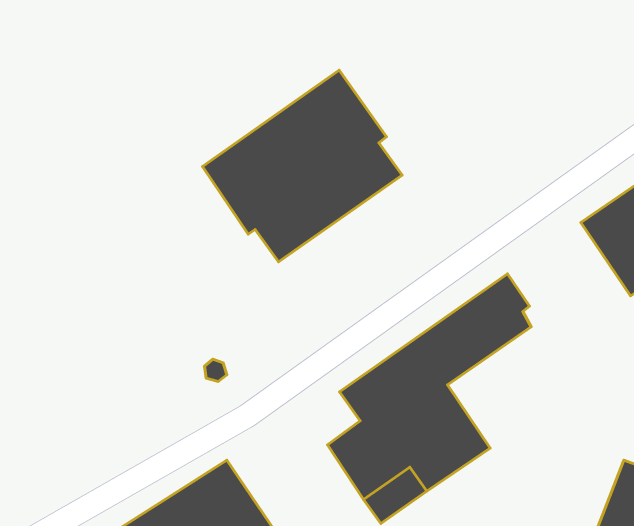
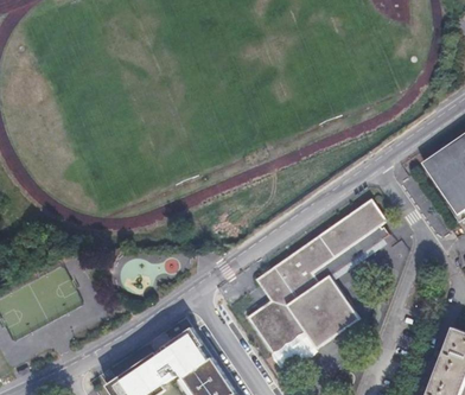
building: [203,70,402,262] -> none

